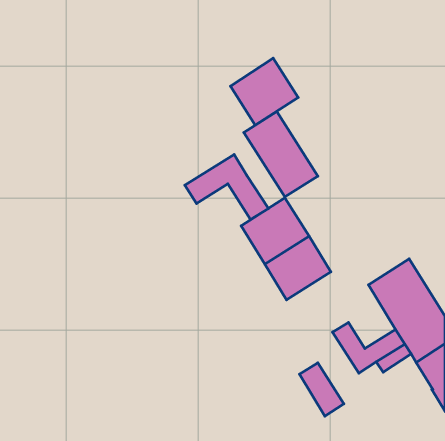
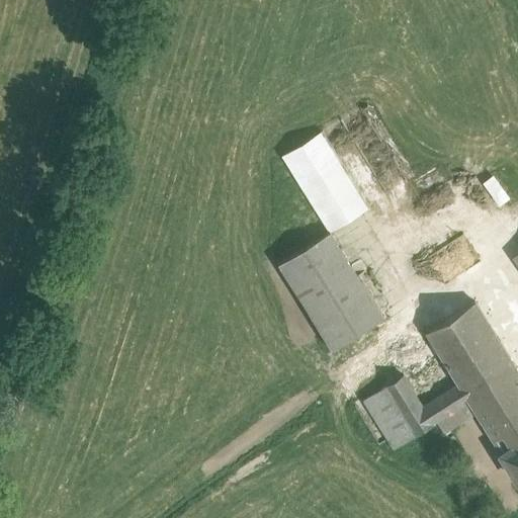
building: [230,58,298,125] -> none
building: [185,155,268,219] -> none
building: [300,363,344,416] -> [365,391,417,452]

